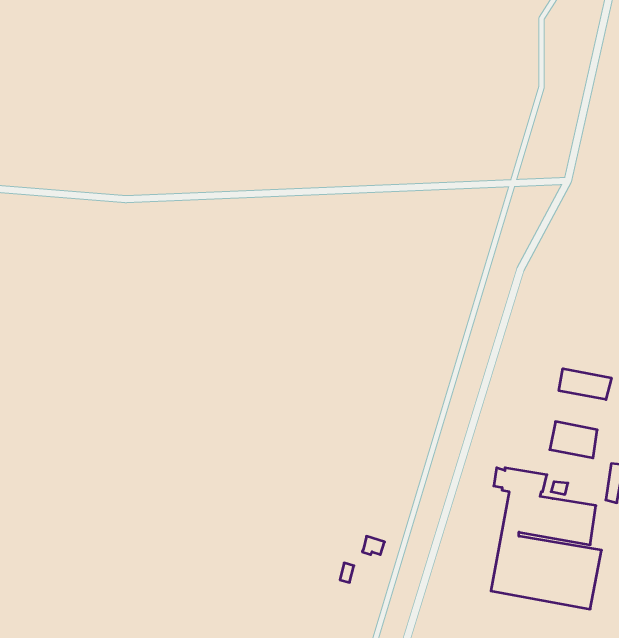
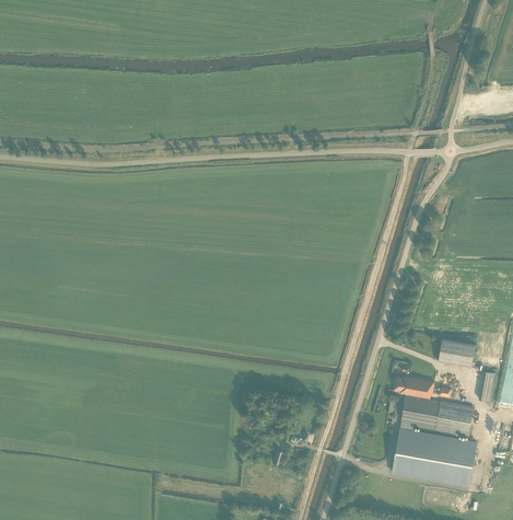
building: [559,369,611,400] -> none

